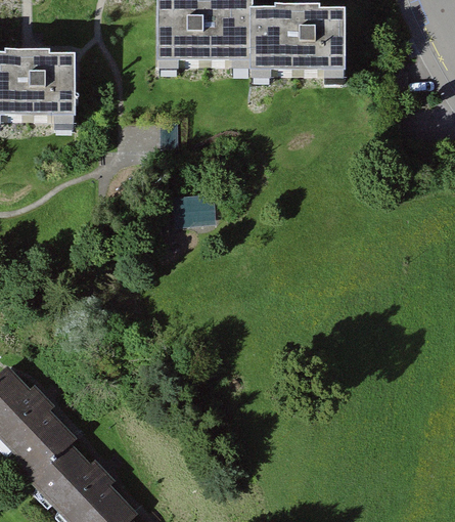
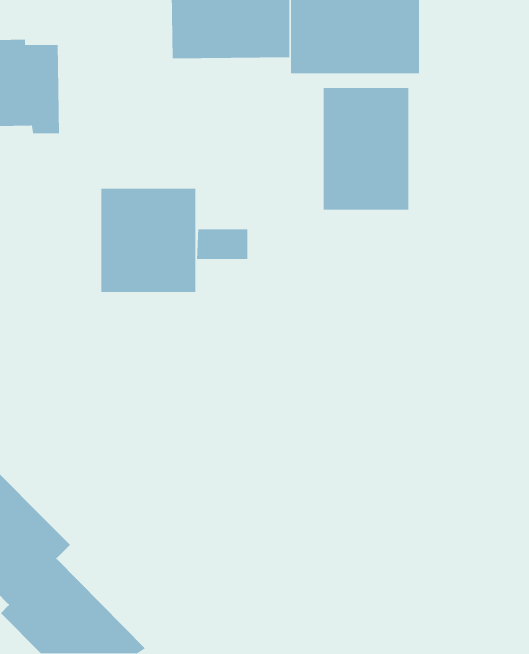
building: none -> [323,87,409,211]
building: none -> [100,188,196,293]

